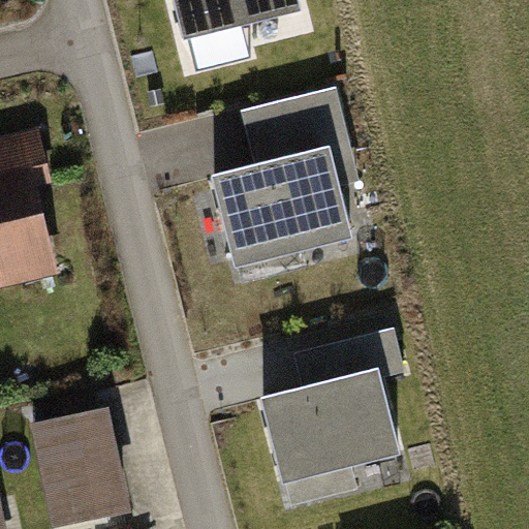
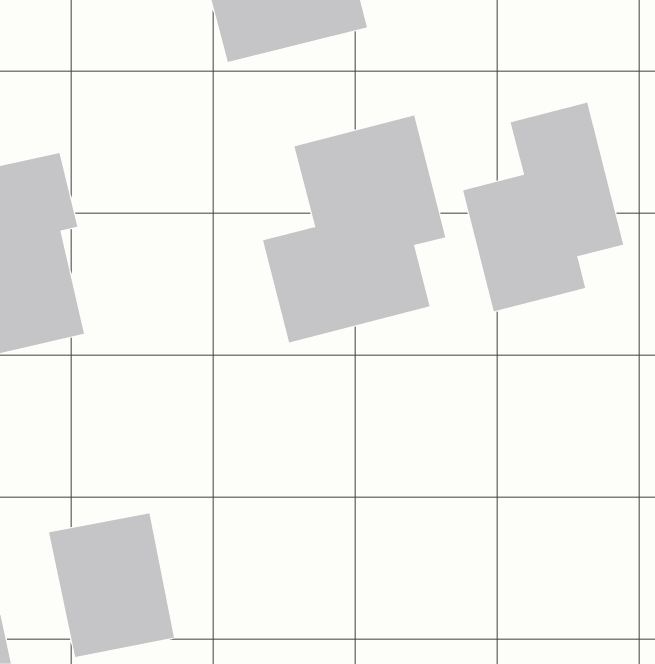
building: none -> [462,102,624,312]
building: [258,339,400,493] -> none

